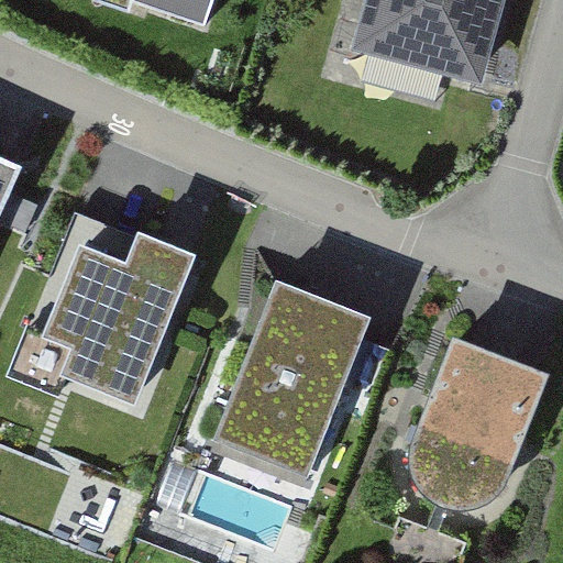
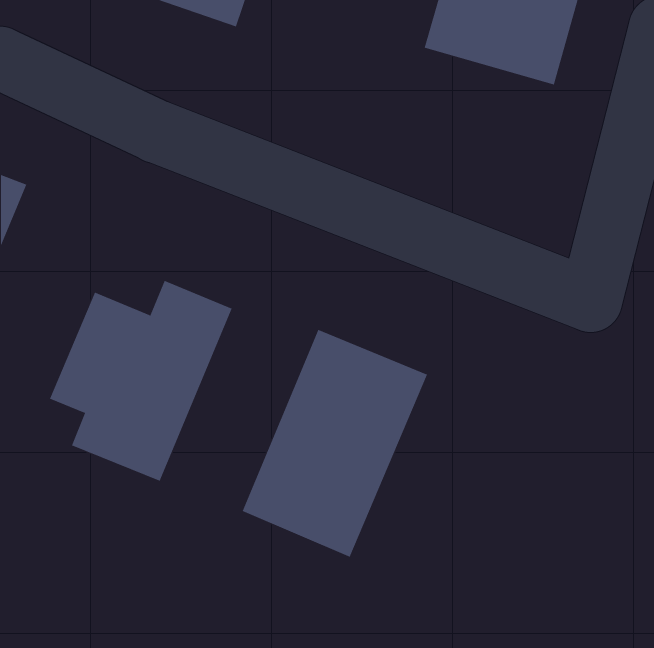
building: [410,342,540,504] -> none

